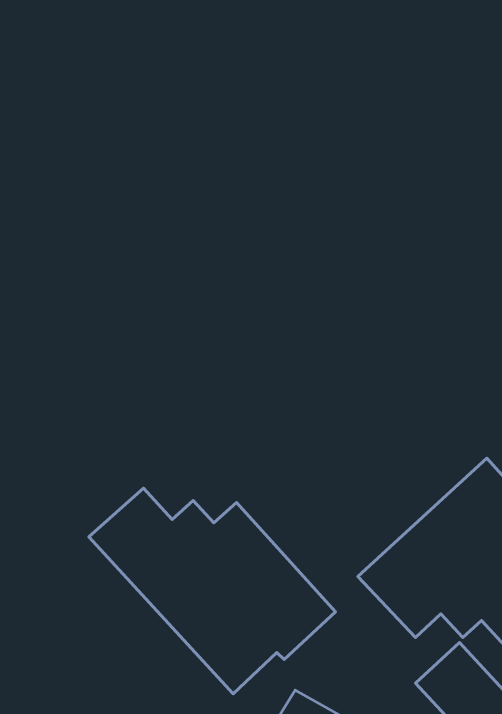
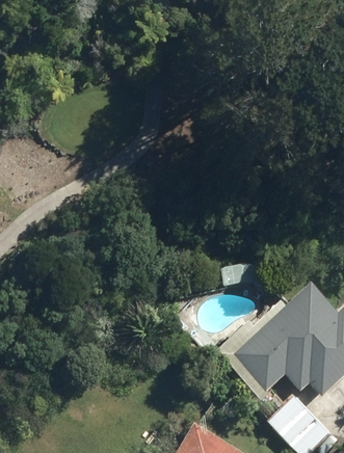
building: [89,488,336,694] -> none

